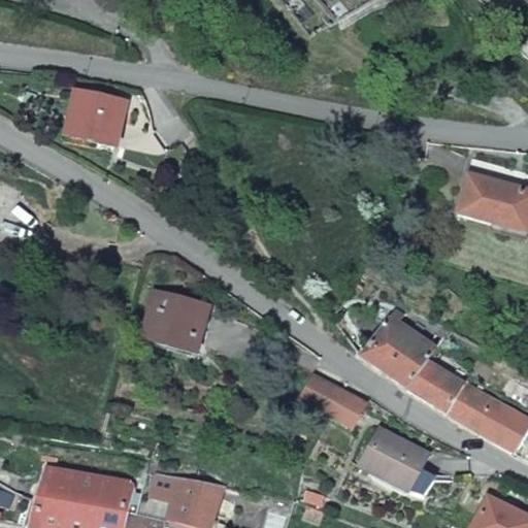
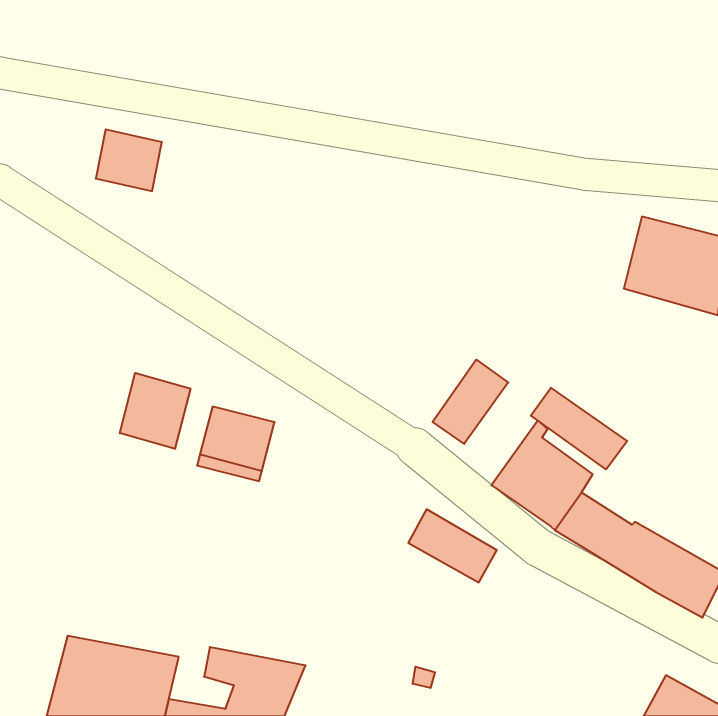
building: none -> [433,360,508,444]
building: none -> [120,373,190,449]
building: none -> [531,388,627,469]
building: [359,428,434,495] -> none

